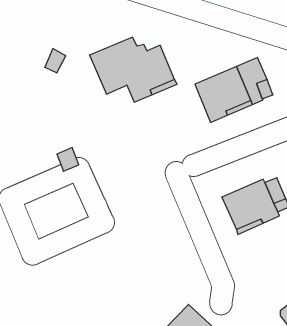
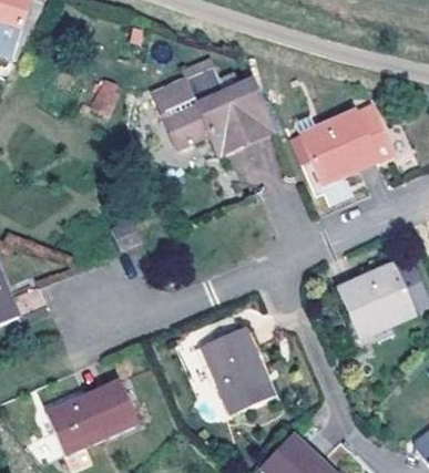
building: none -> [193,313,273,414]
building: none -> [45,379,137,452]

